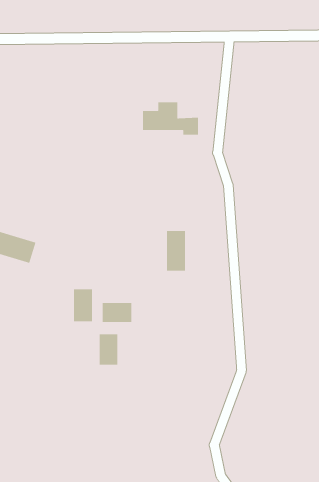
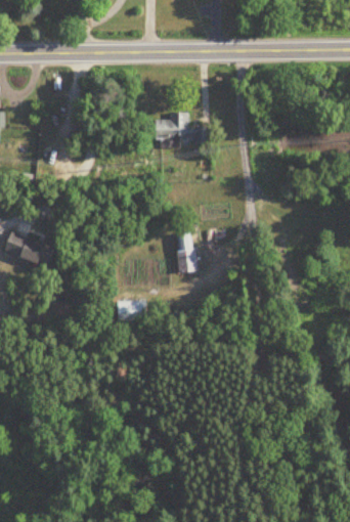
building: [73,289,93,322] -> none
building: [99,333,118,366] -> none

